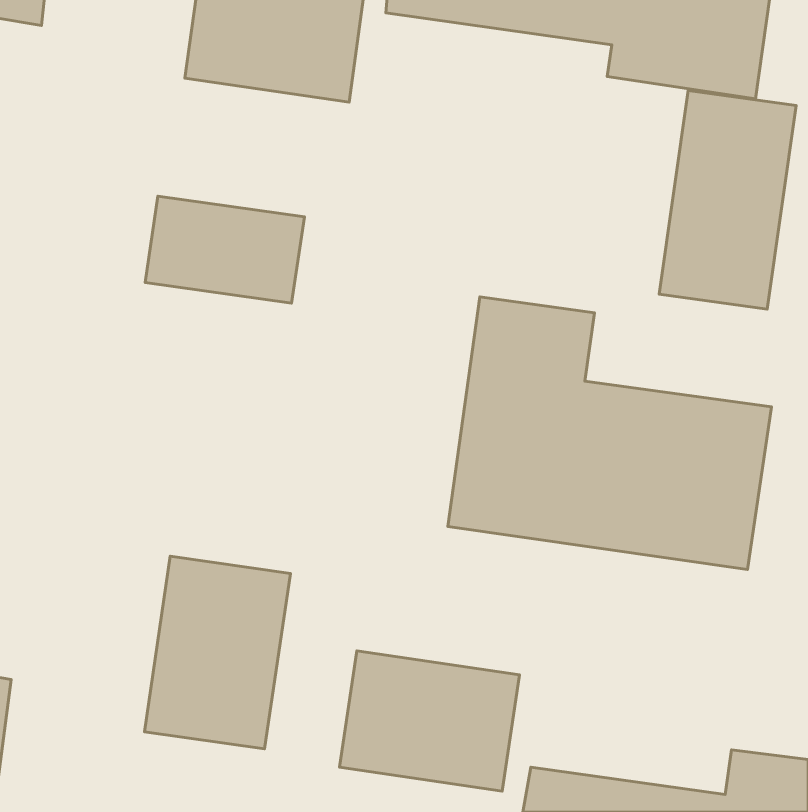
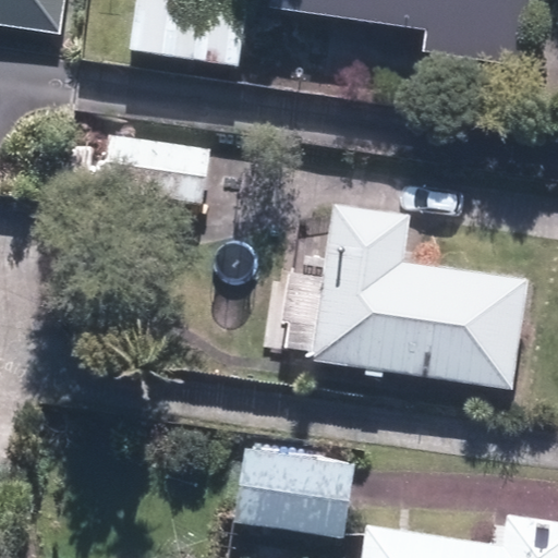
building: [659,90,796,309] -> none
building: [144,556,290,749] -> none

